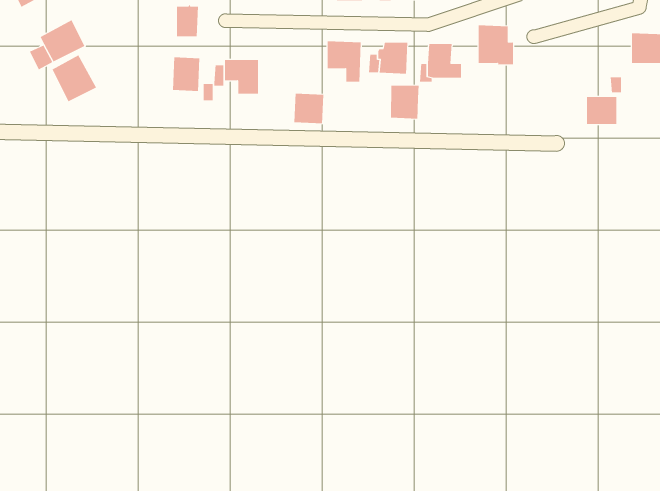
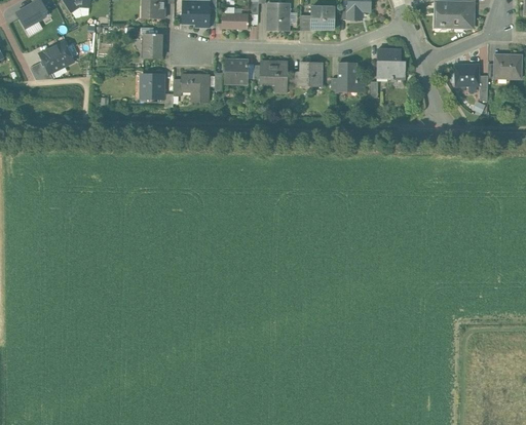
building: [52,54,97,102] -> none
building: [390,85,419,119] -> none
building: [293,93,324,124] -> [224,60,248,83]
building: [586,97,617,125] -> [454,65,478,86]

